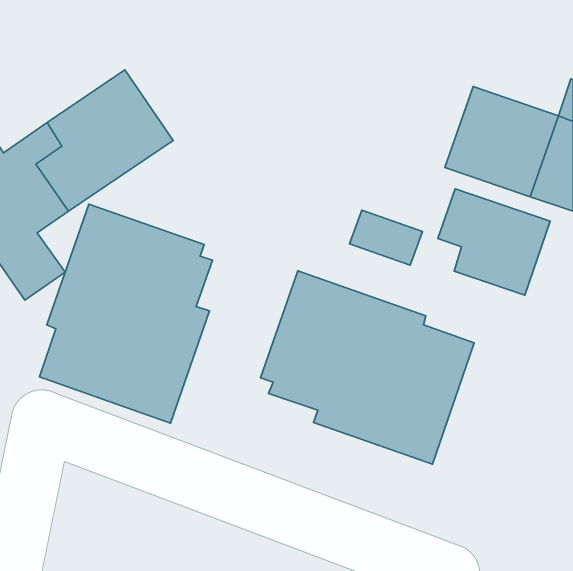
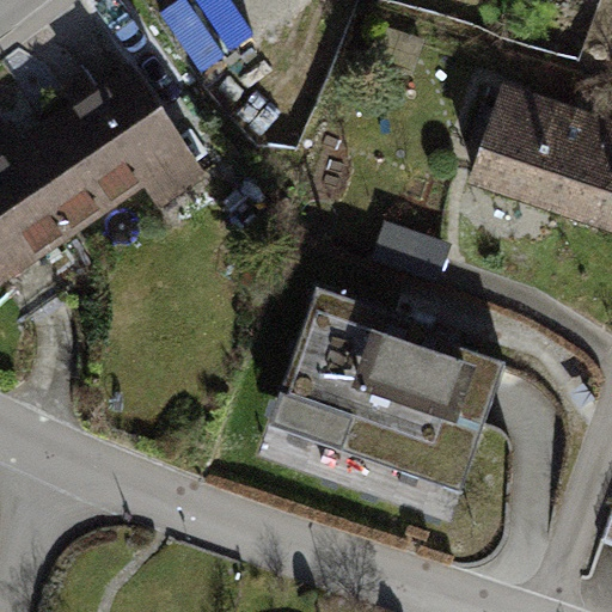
building: [438,189,550,295] -> none
building: [40,204,213,423] -> none

